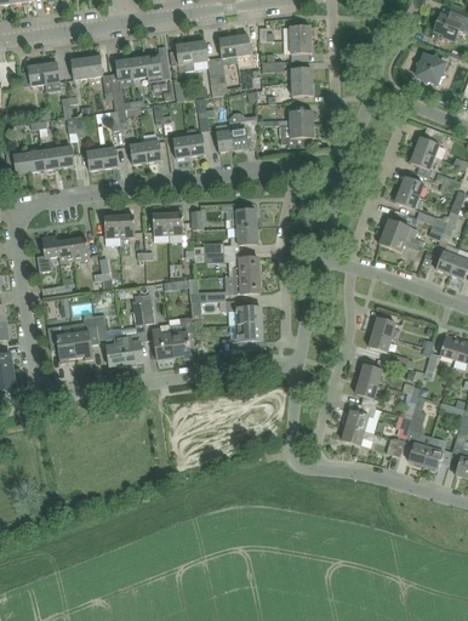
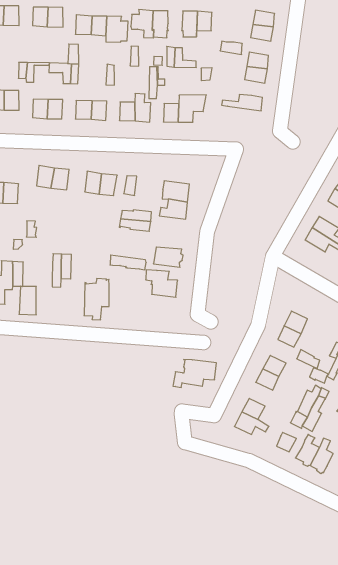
building: [279,123,313,146] -> none
building: [223,256,261,275] -> none
building: [222,321,262,352] -> [173,360,216,387]
building: [152,323,173,358] -> none
building: [121,331,147,365] -> none

